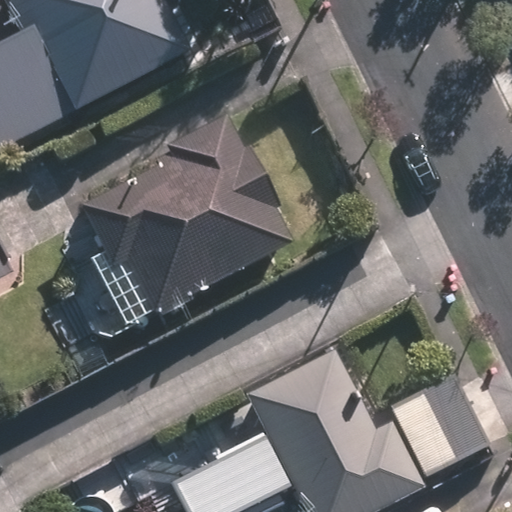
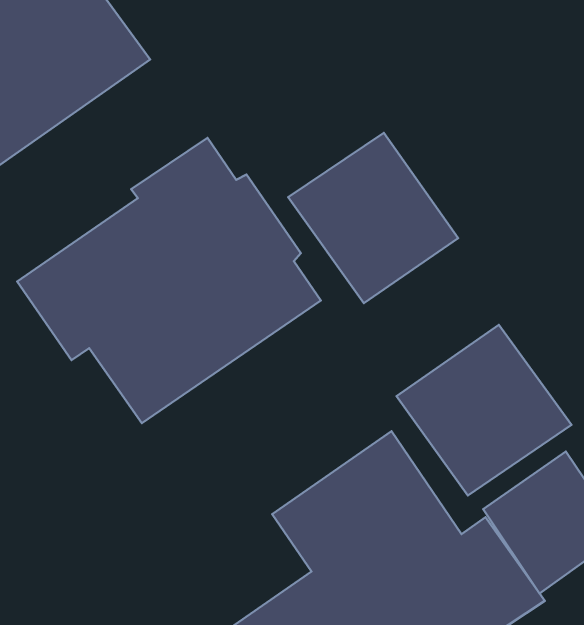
building: none -> [288,133,458,303]
building: none -> [397,325,571,495]

